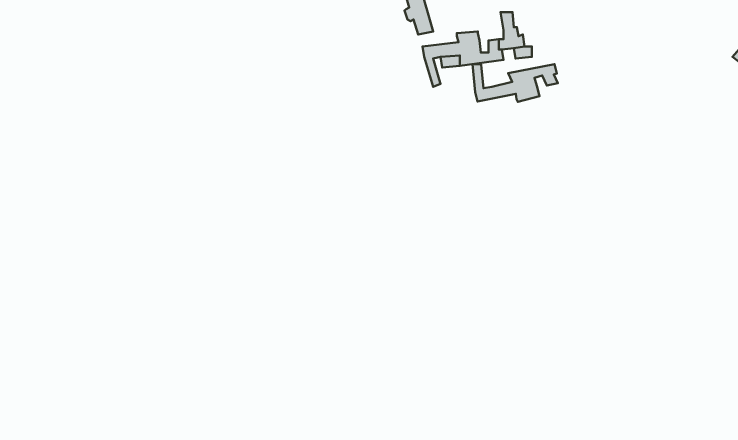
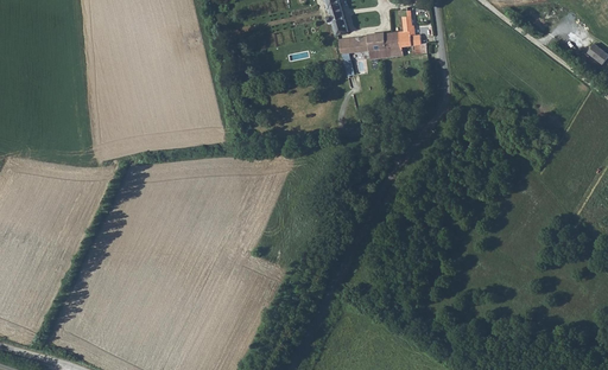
building: [473,64,558,102] -> none

